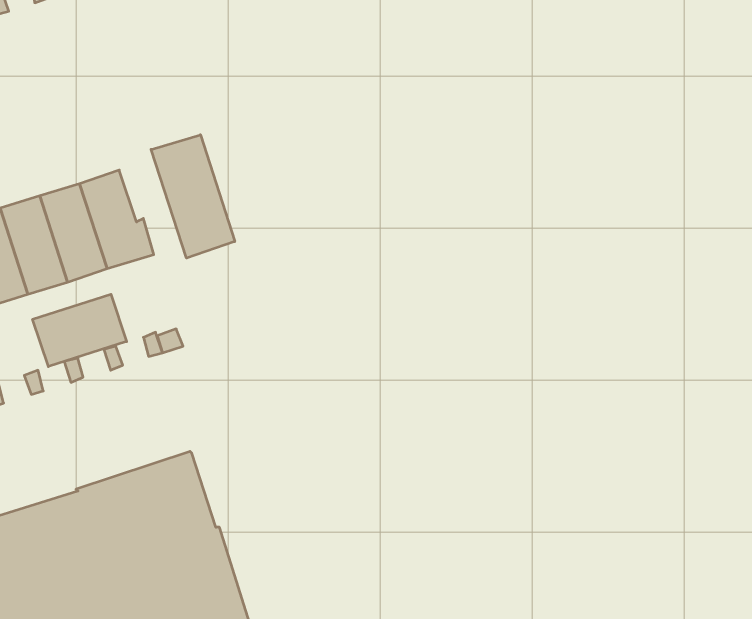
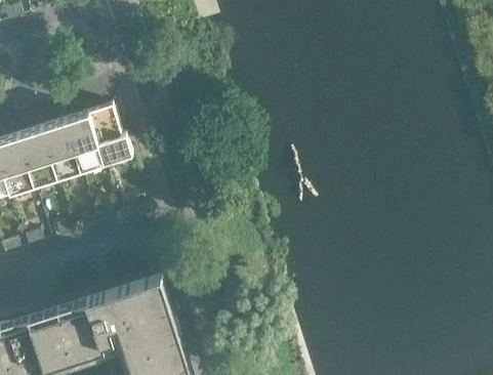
building: [151,135,235,258] -> none
building: [33,294,127,367] -> none

